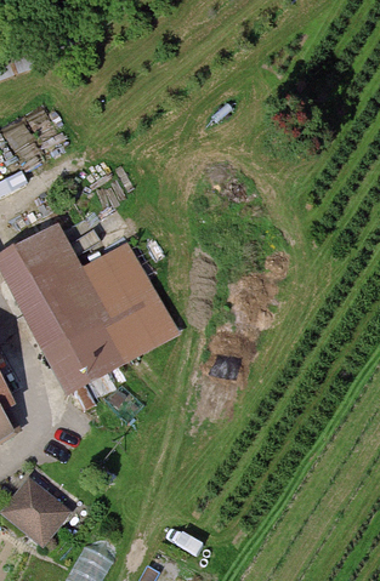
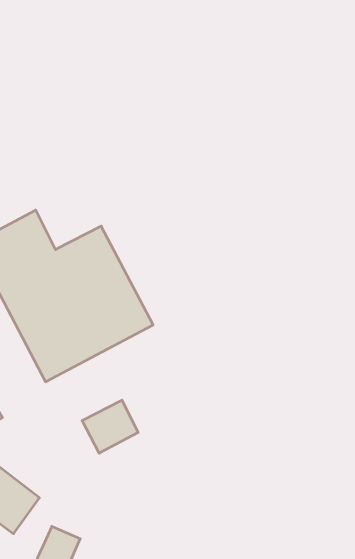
building: none -> [82,400,138,453]

